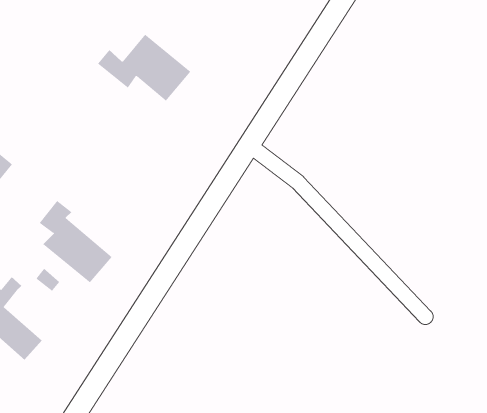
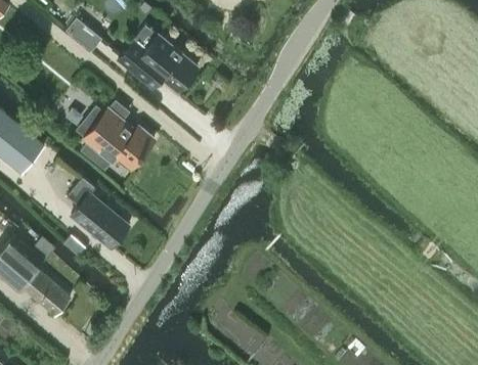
building: none -> [67,18,102,52]
building: none -> [78,102,155,169]

